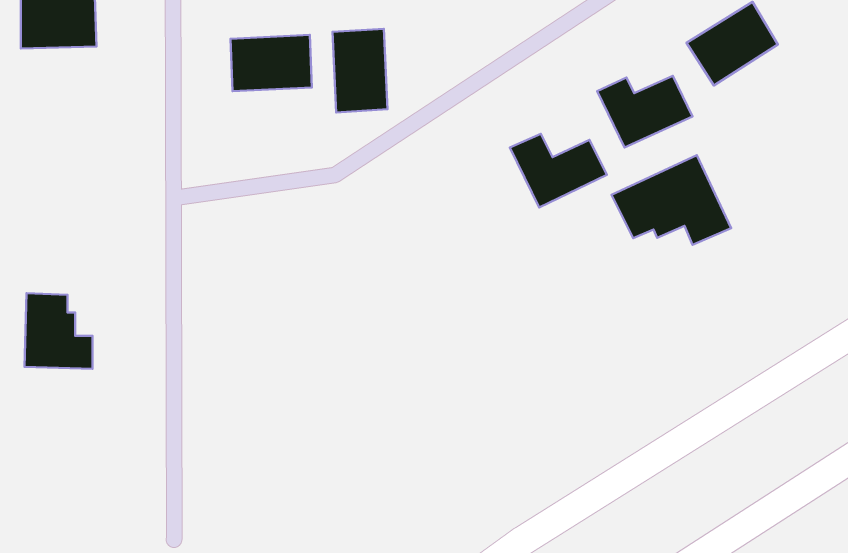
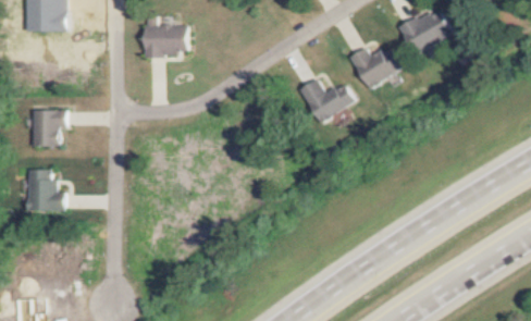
building: [332,29,388,112] -> none
building: [612,155,731,245] -> none
building: none -> [29,110,65,147]

